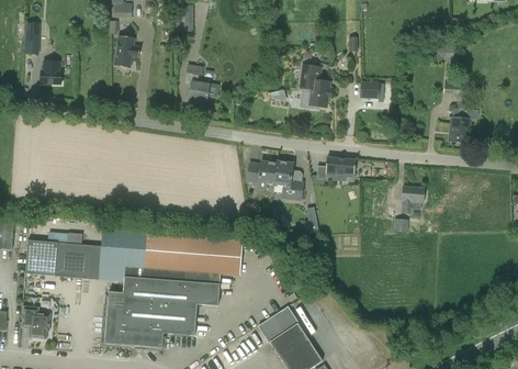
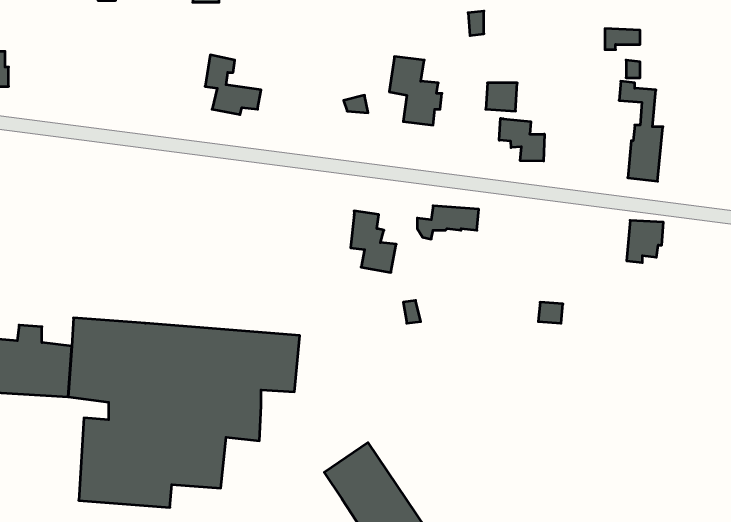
building: [112,35,139,68] -> none
building: none -> [499,118,544,161]
building: [247,161,277,189] -> none
building: [401,187,424,213] -> [627,220,663,263]

